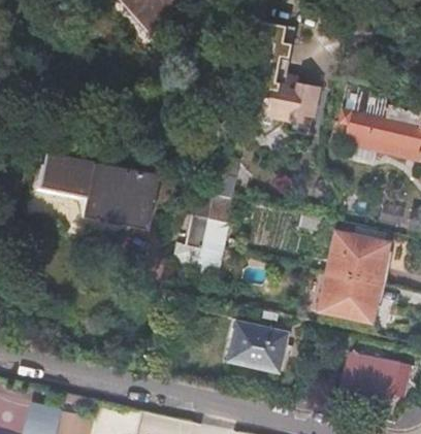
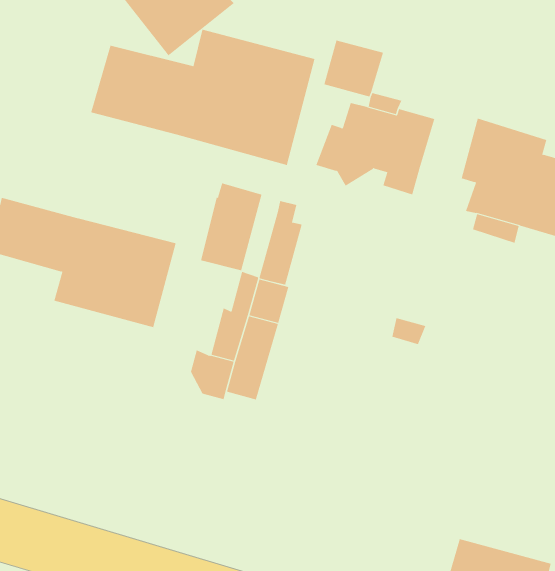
building: none -> [90,29,315,166]
building: none -> [200,183,262,271]
building: [319,231,390,323] -> none
building: [229,322,289,371] -> none

